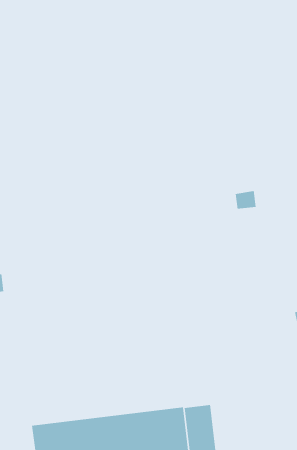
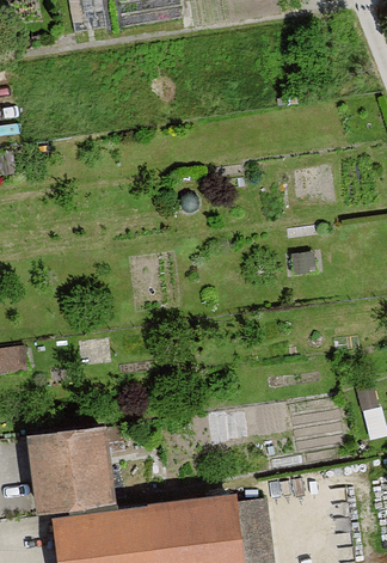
building: none -> [31,427,109,507]

